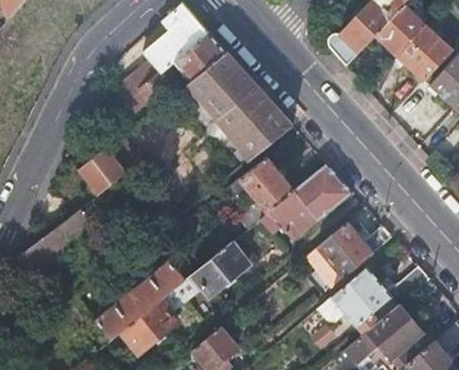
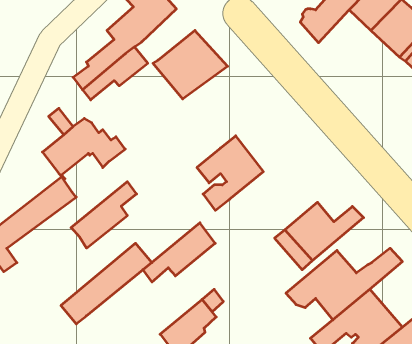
building: [175,32,227,82] -> none
building: [215,88,293,161] -> none
building: [261,164,353,241] -> none
building: [121,287,185,352] -> [71,182,137,248]

